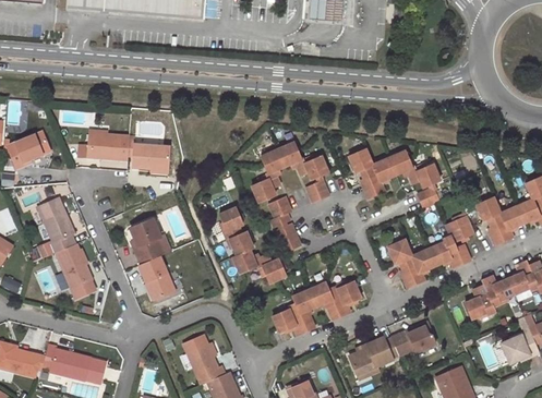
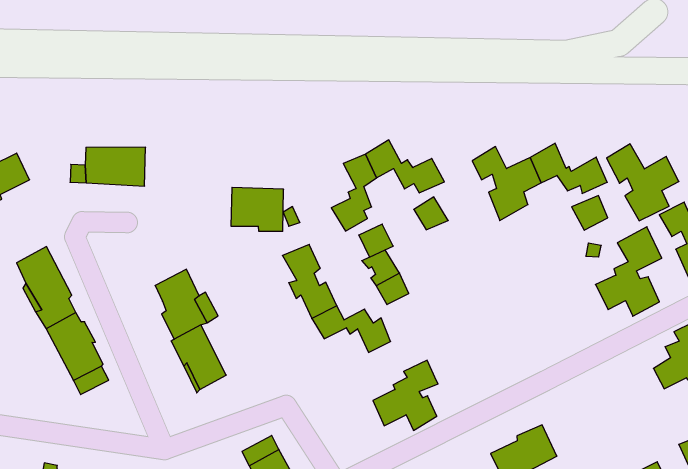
building: [131,142,168,173] -> [231,187,284,231]
building: [387,236,435,288] -> [607,144,679,221]
building: [311,279,361,321] -> none
building: [394,322,437,357] -> none

